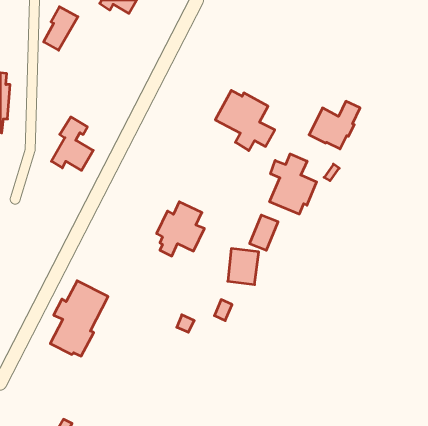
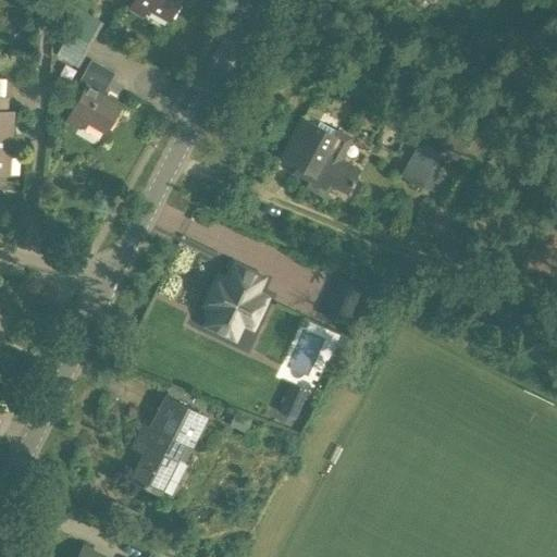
building: [51,117,93,170] -> [66,61,121,131]
building: [270,154,317,214] -> none
building: [50,281,108,356] -> [129,398,205,496]

